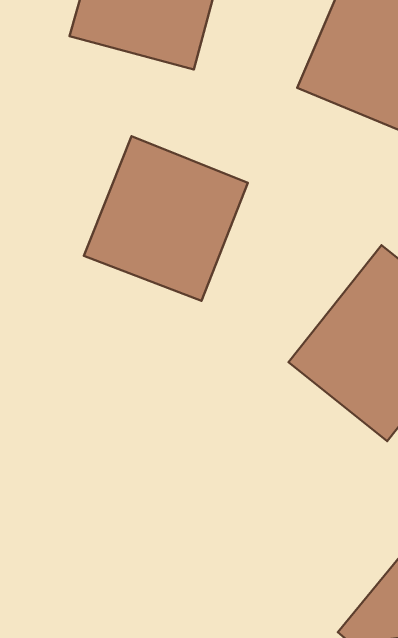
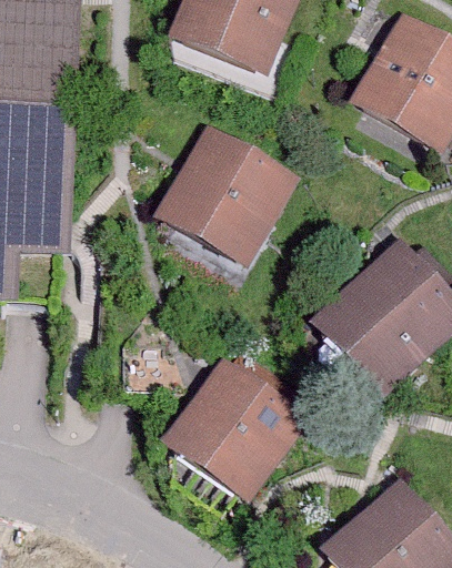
building: none -> [162,356,308,501]

